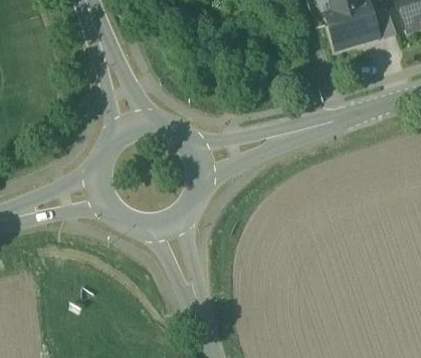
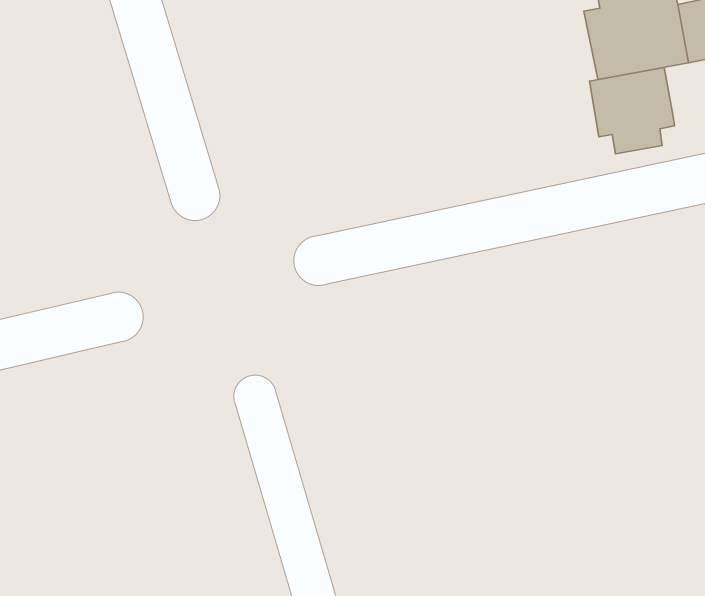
building: none -> [590,67,675,154]

